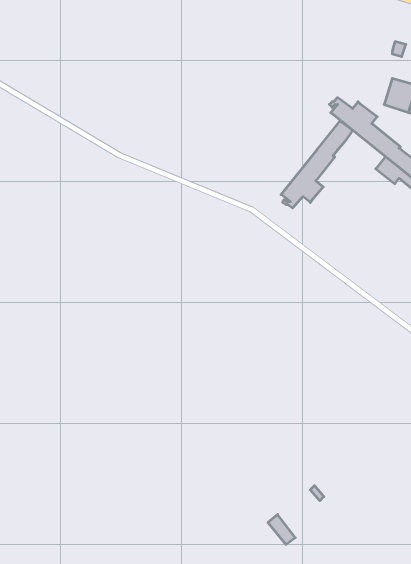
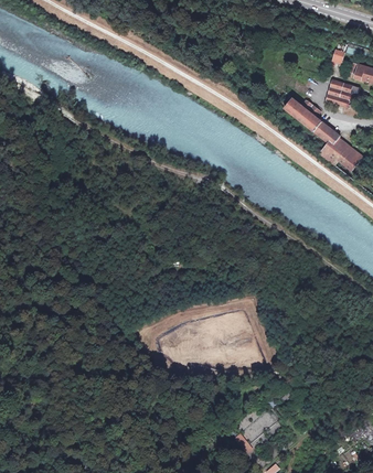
building: [281,121,353,208] -> none

